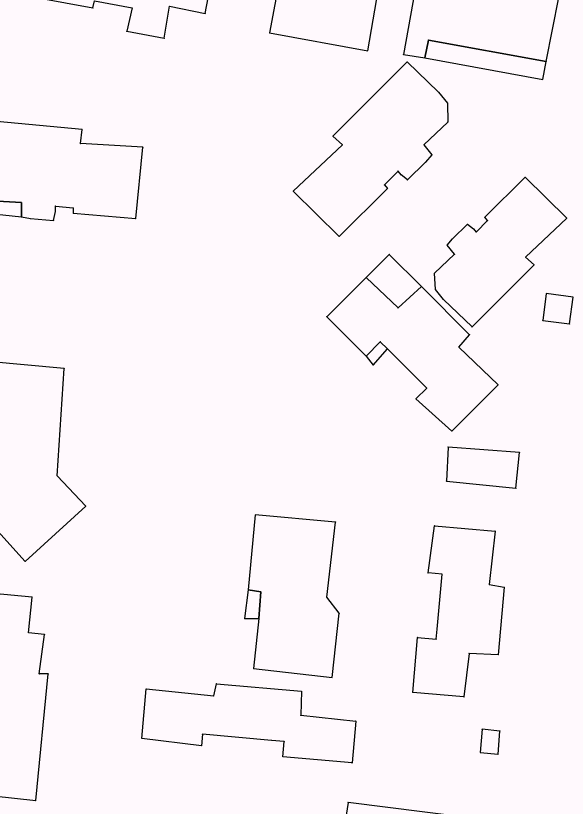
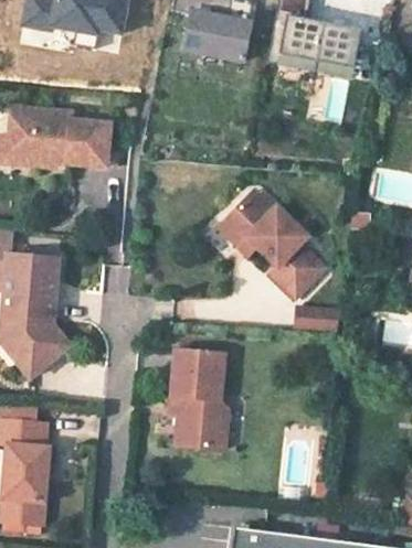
building: [293,62,448,236] -> none
building: [435,177,567,327] -> none
building: [413,526,504,697] -> none
building: [142,684,356,763] -> none

